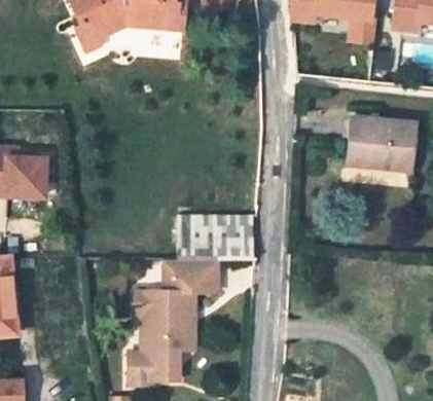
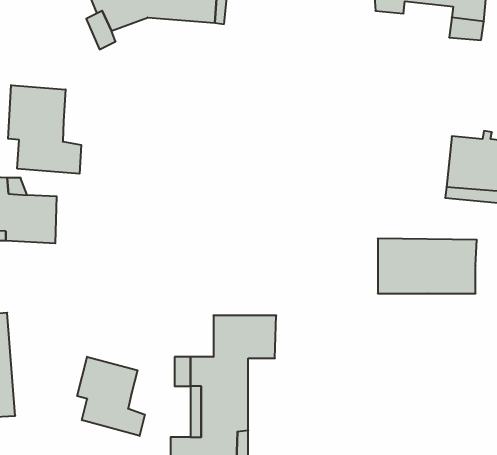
building: none -> [8,85,81,174]
building: [178,213,254,255] -> [378,239,477,293]
building: none -> [77,357,145,436]

